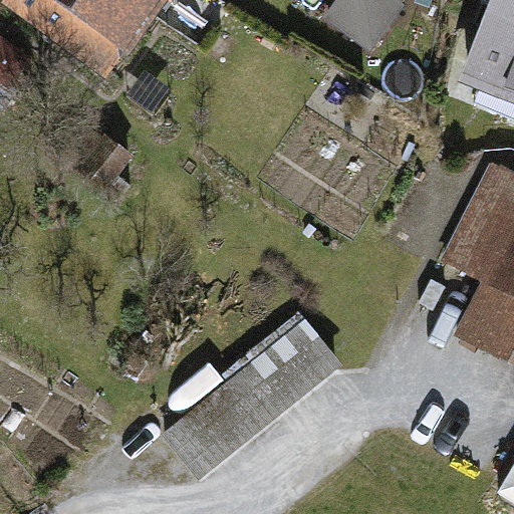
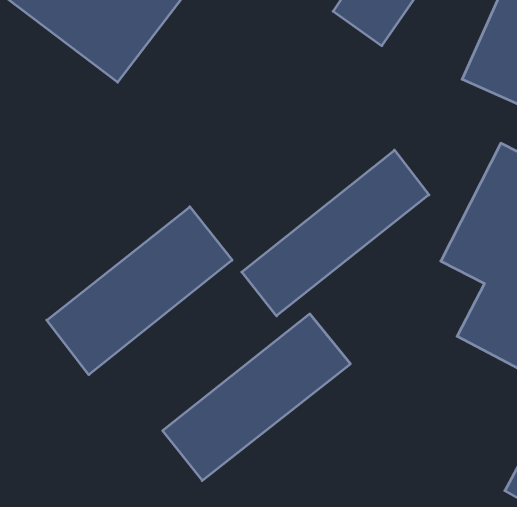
building: none -> [242,150,429,316]
building: none -> [47,207,232,375]

